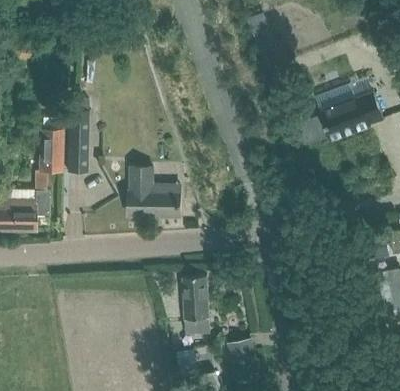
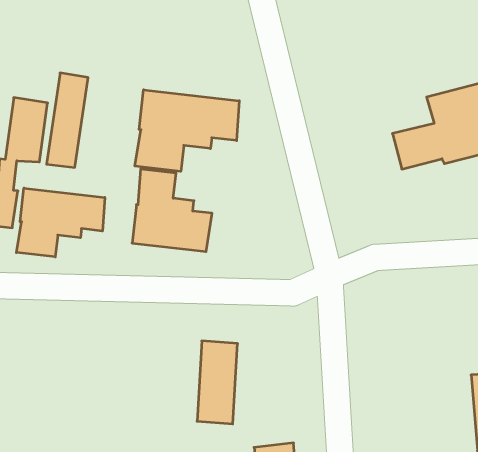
building: none -> [135,90,239,171]
building: none -> [16,188,105,257]

